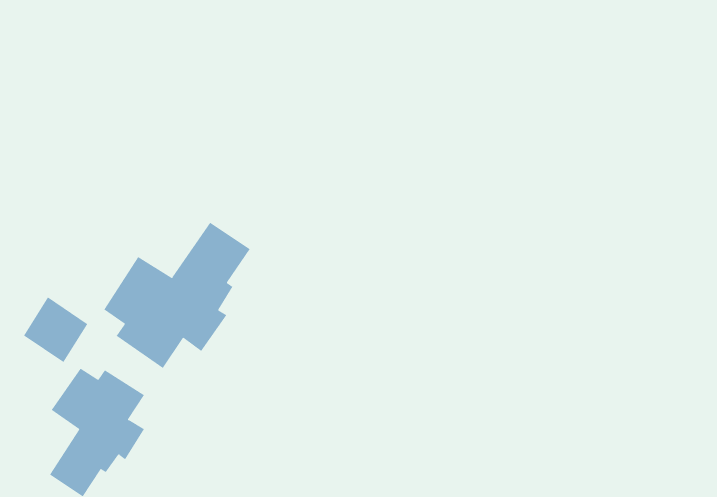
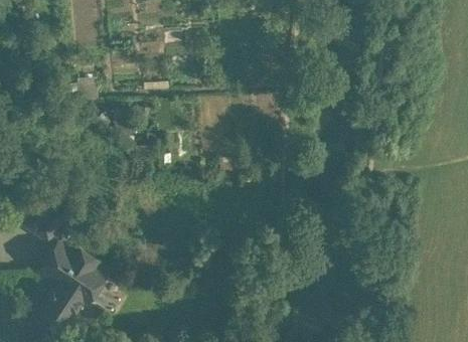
building: [103,222,251,369] -> none

